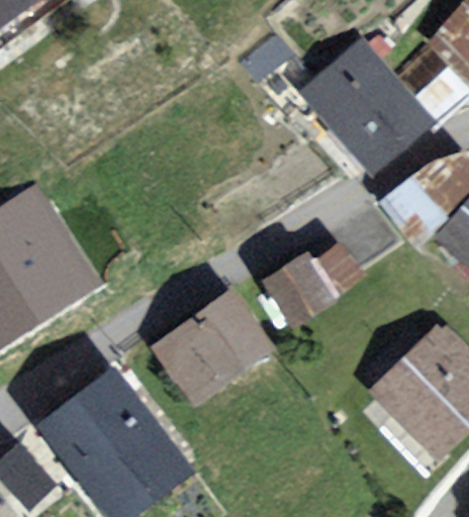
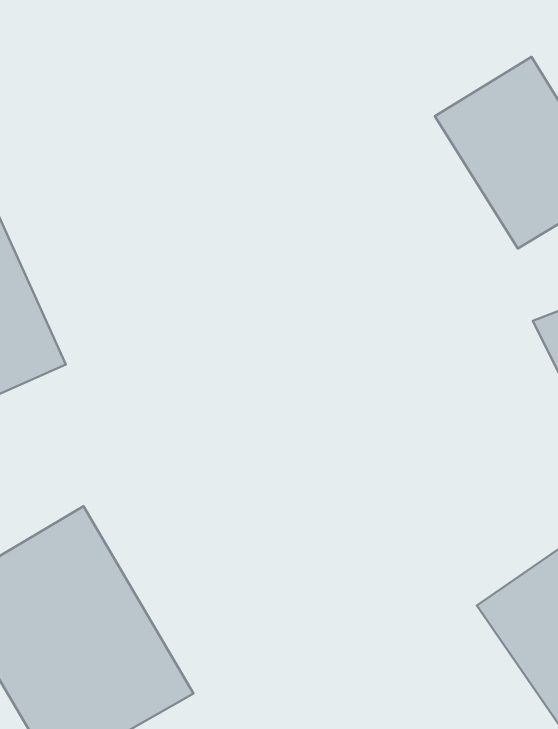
building: [265,235,367,325] -> none
building: [152,292,275,409] -> none

